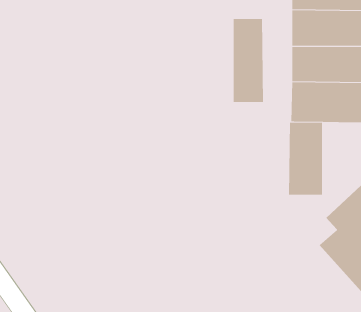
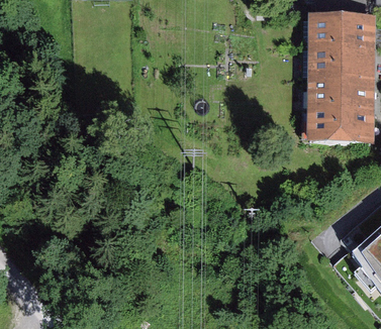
building: [233,18,263,103] -> none
building: [288,122,323,196] -> none

